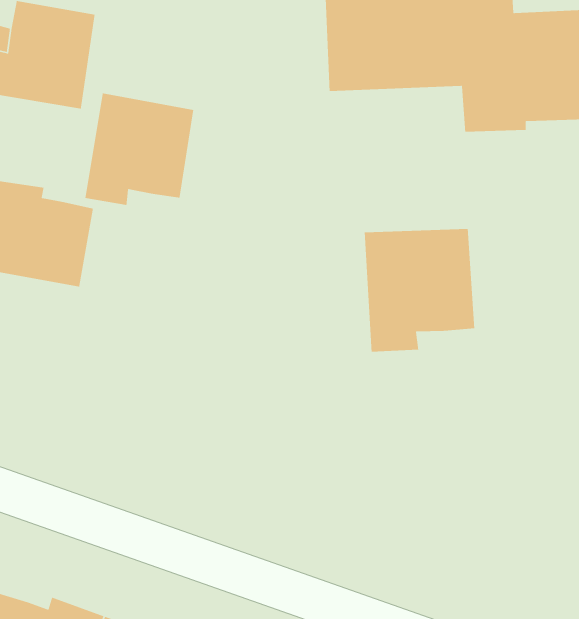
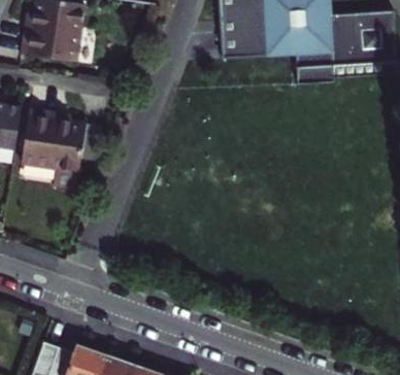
building: [84,92,194,206] -> none
building: [364,228,475,353] -> none

